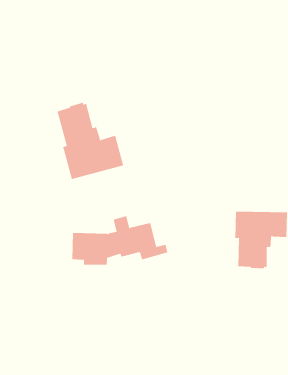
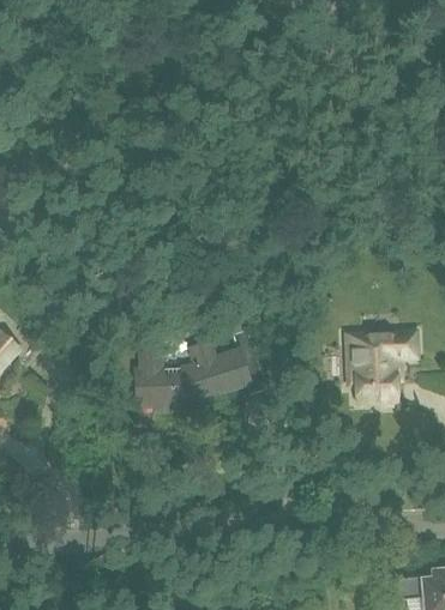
building: [57,102,124,180] -> none

